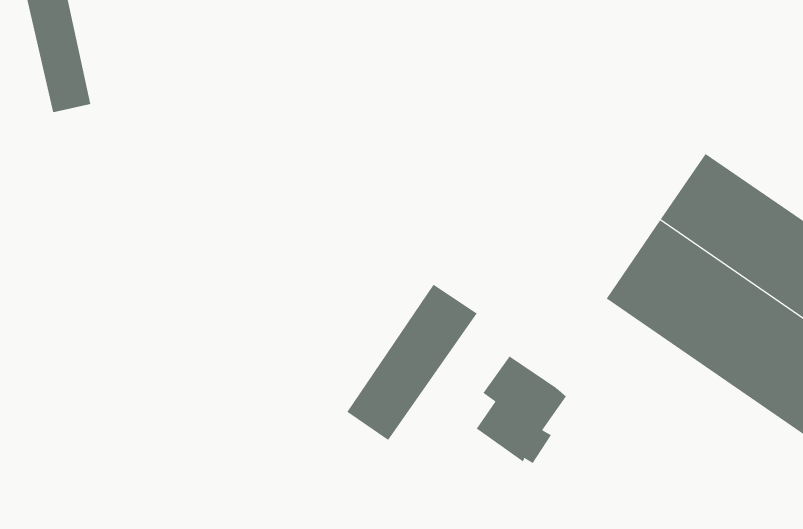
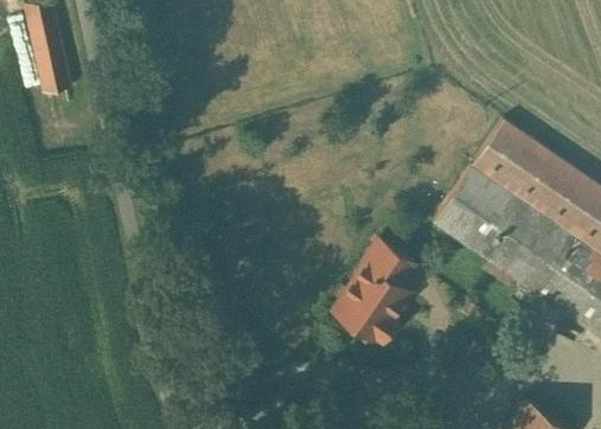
building: [346,284,477,441] -> none
building: none -> [364,242,414,287]

